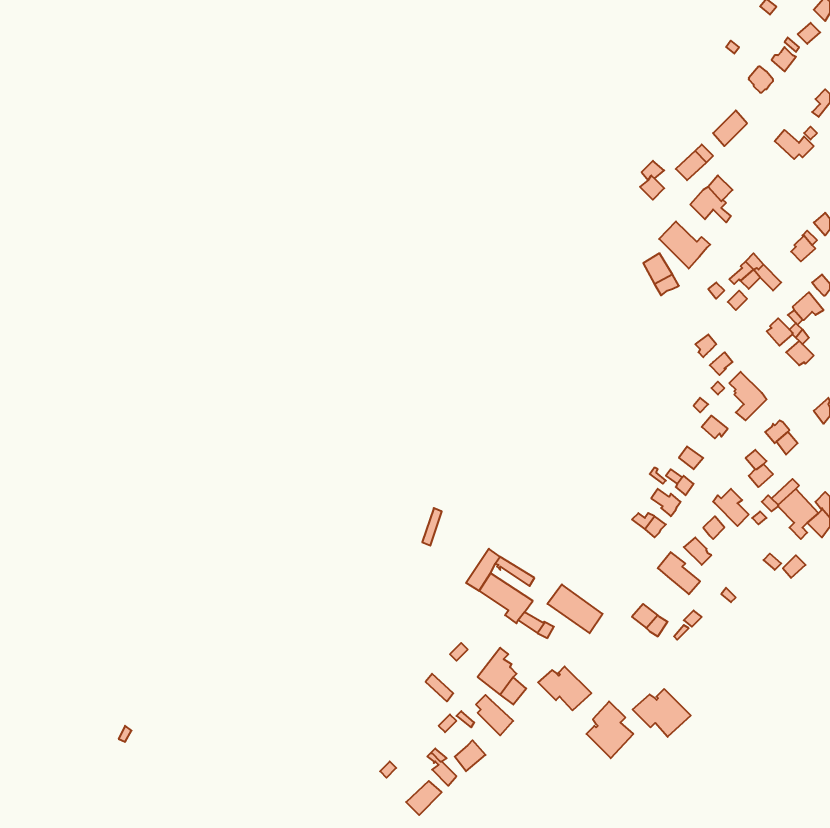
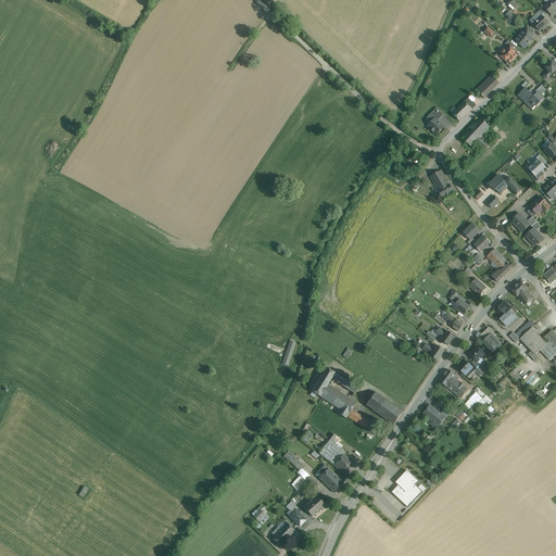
building: [659,221,710,269] -> none
building: [538,666,591,710] -> none
building: [633,689,691,737] -> none

